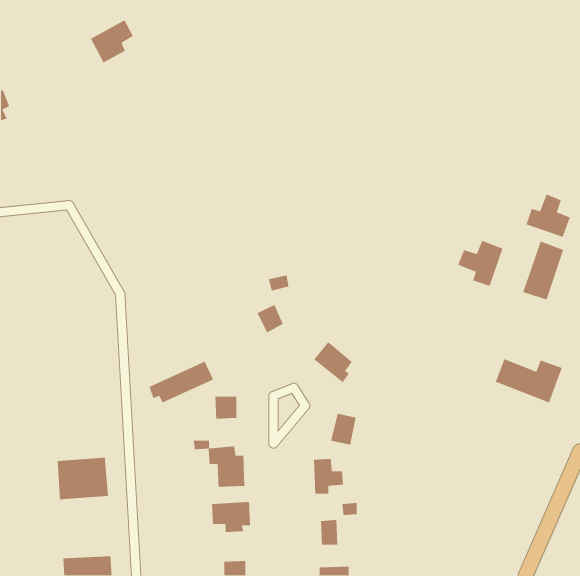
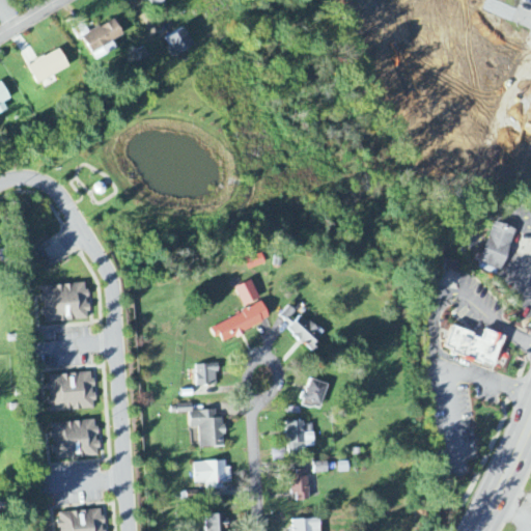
building: none -> [163,26,194,55]
building: none -> [27,47,69,83]
building: [526,194,571,238] -> none
building: [457,240,504,287] -> none
building: none -> [40,281,88,320]
building: [148,361,214,404] -> [211,301,271,340]
building: none -> [49,371,94,410]

